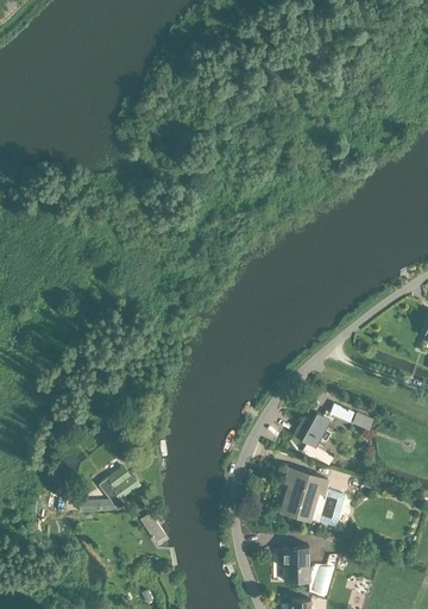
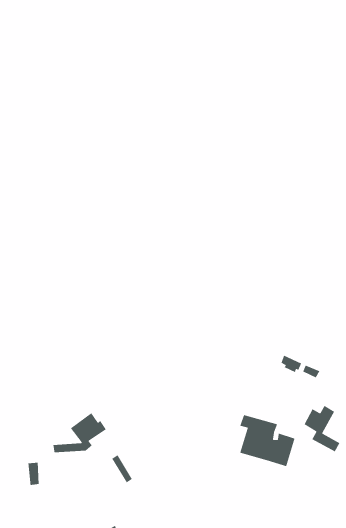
building: [294,413,334,465] -> [304,405,340,453]
building: [277,545,308,582] -> none

